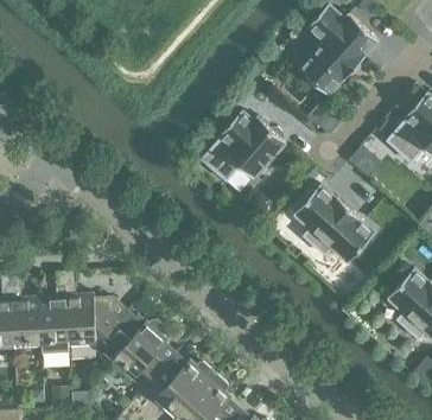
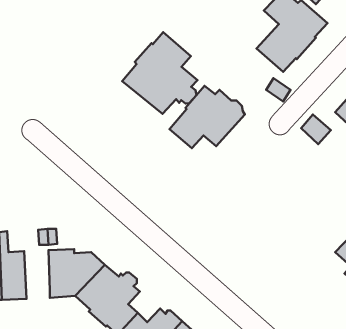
building: none -> [122,32,198,114]
building: [294,185,375,263] -> none
building: [39,295,69,356] -> none

